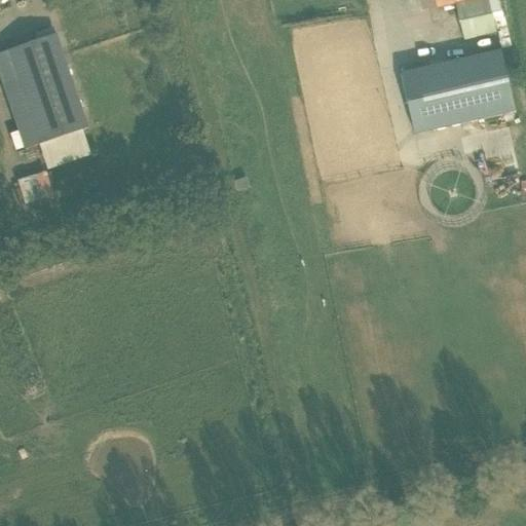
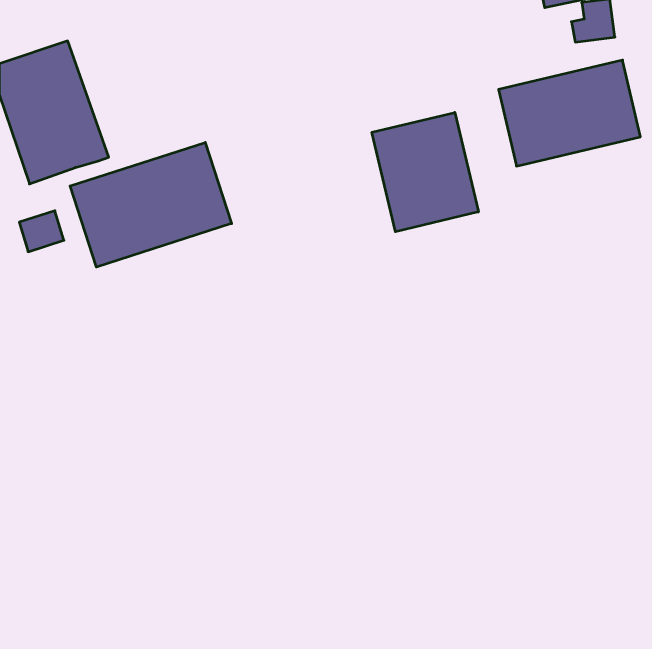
building: none -> [372,112,478,232]
building: none -> [70,142,232,267]

